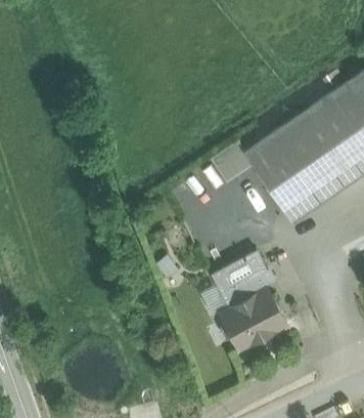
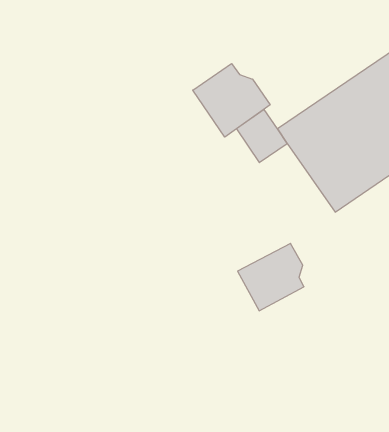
building: none -> [193,64,270,137]
building: [219,287,286,349] -> none

